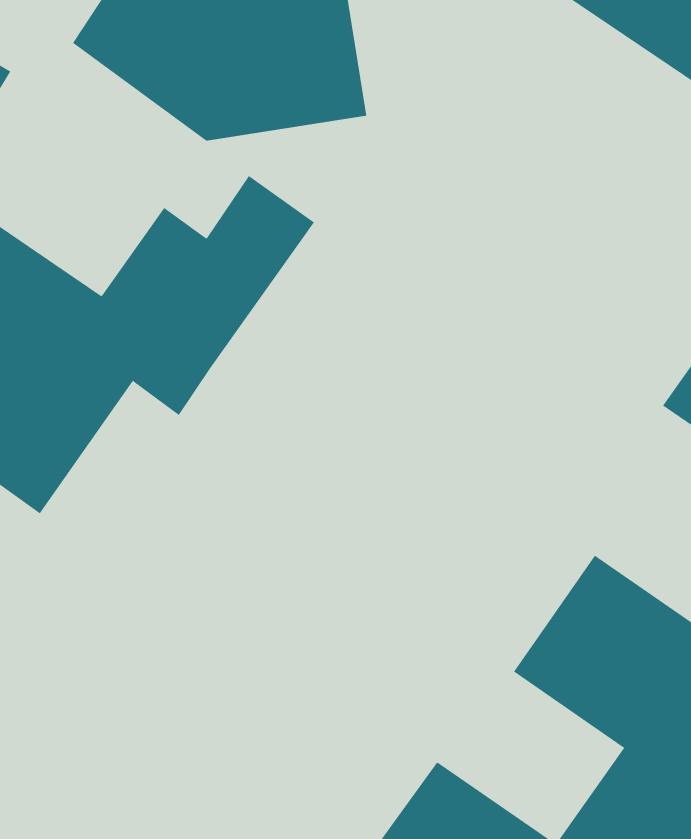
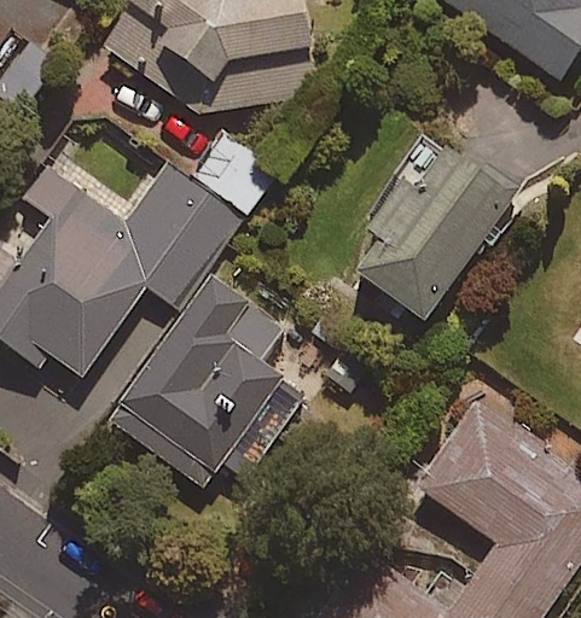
building: none -> [344,139,515,322]
building: none -> [109,273,306,486]

